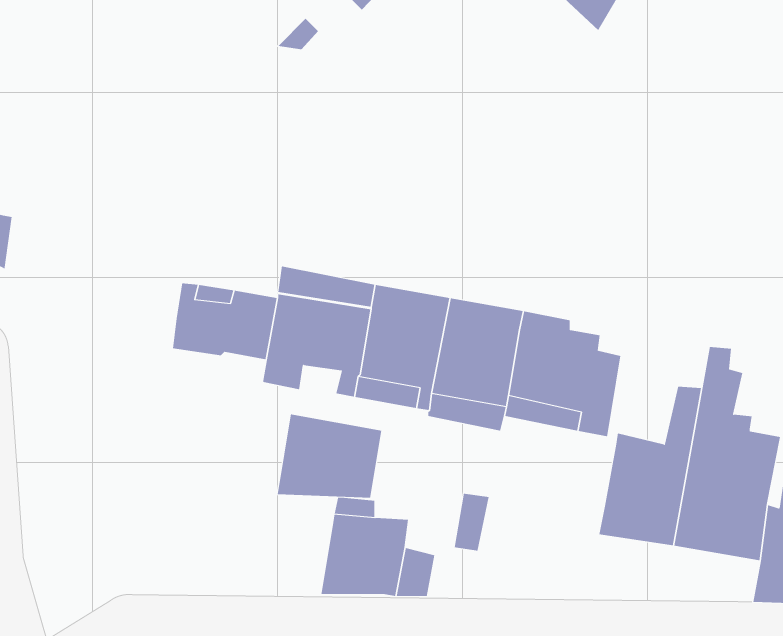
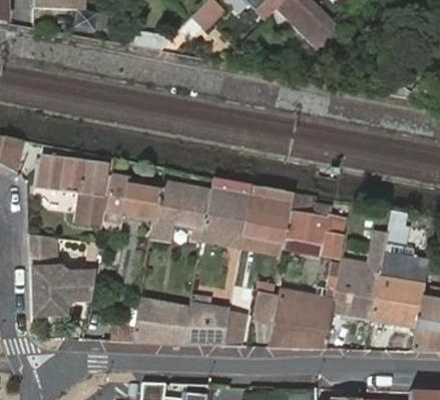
building: none -> [37,156,106,226]
building: none -> [30,236,95,320]
building: [277,414,382,498] -> [133,301,189,346]
building: none -> [270,265,341,348]

